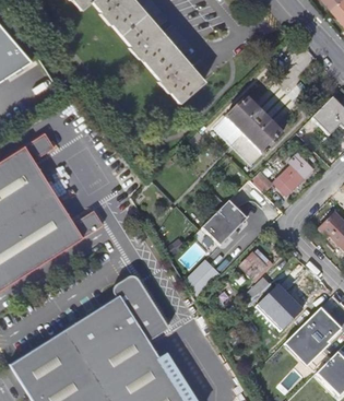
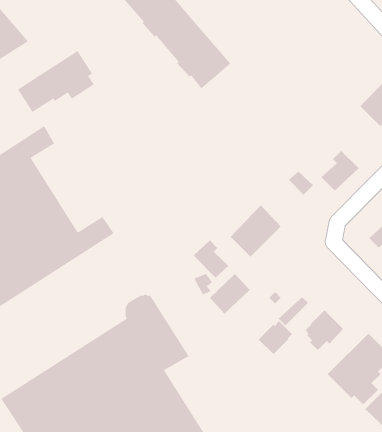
building: none -> [17,50,95,113]
building: [227,99,278,151] -> none
building: none -> [193,239,229,279]
building: [239,249,269,279] -> [258,320,293,355]

